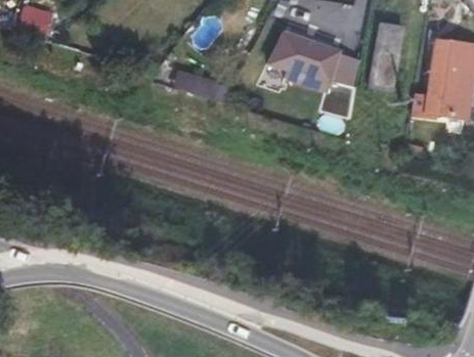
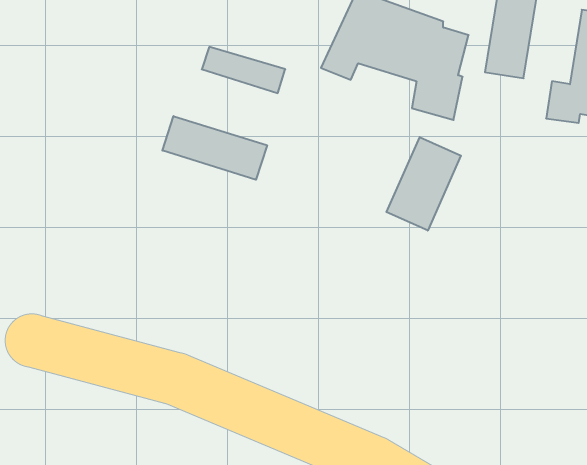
building: none -> [162,116,267,180]
building: none -> [386,137,461,231]

